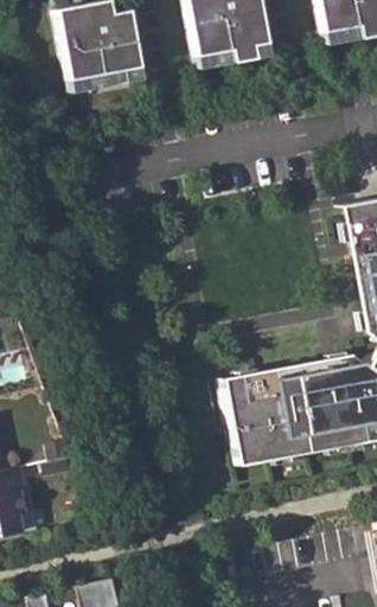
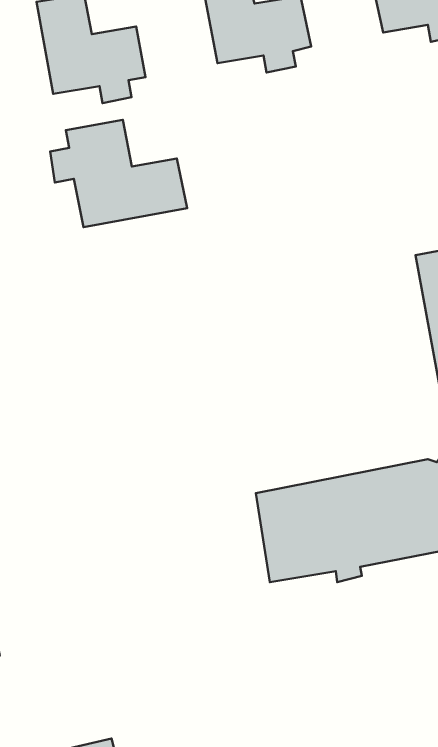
building: none -> [50,120,187,227]

